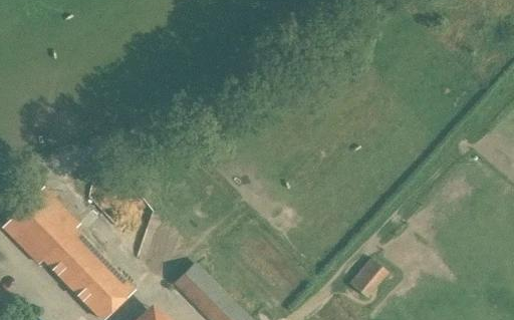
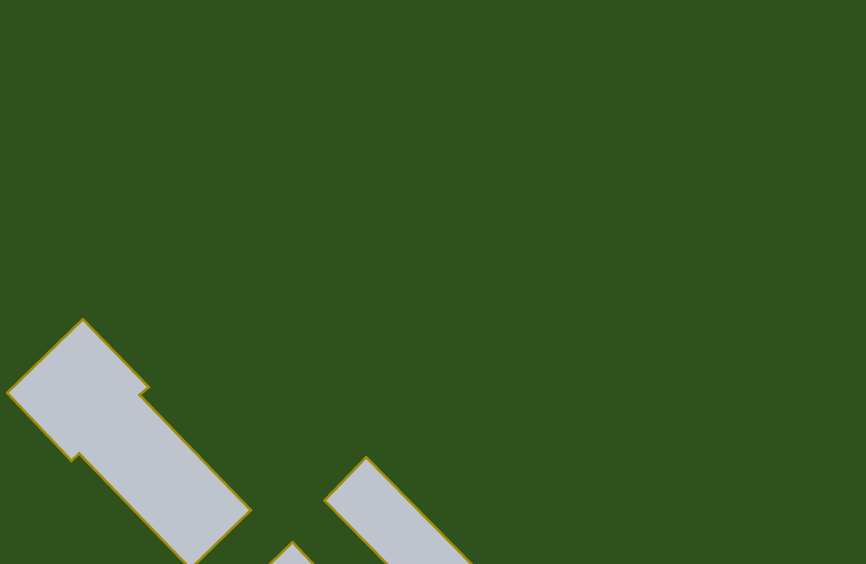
building: [348,259,388,299] -> none

